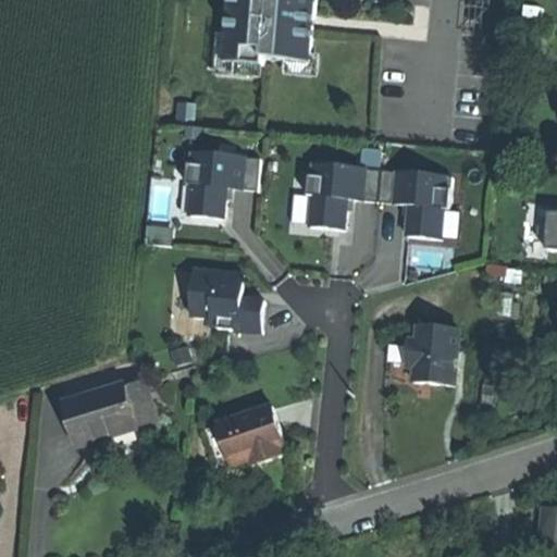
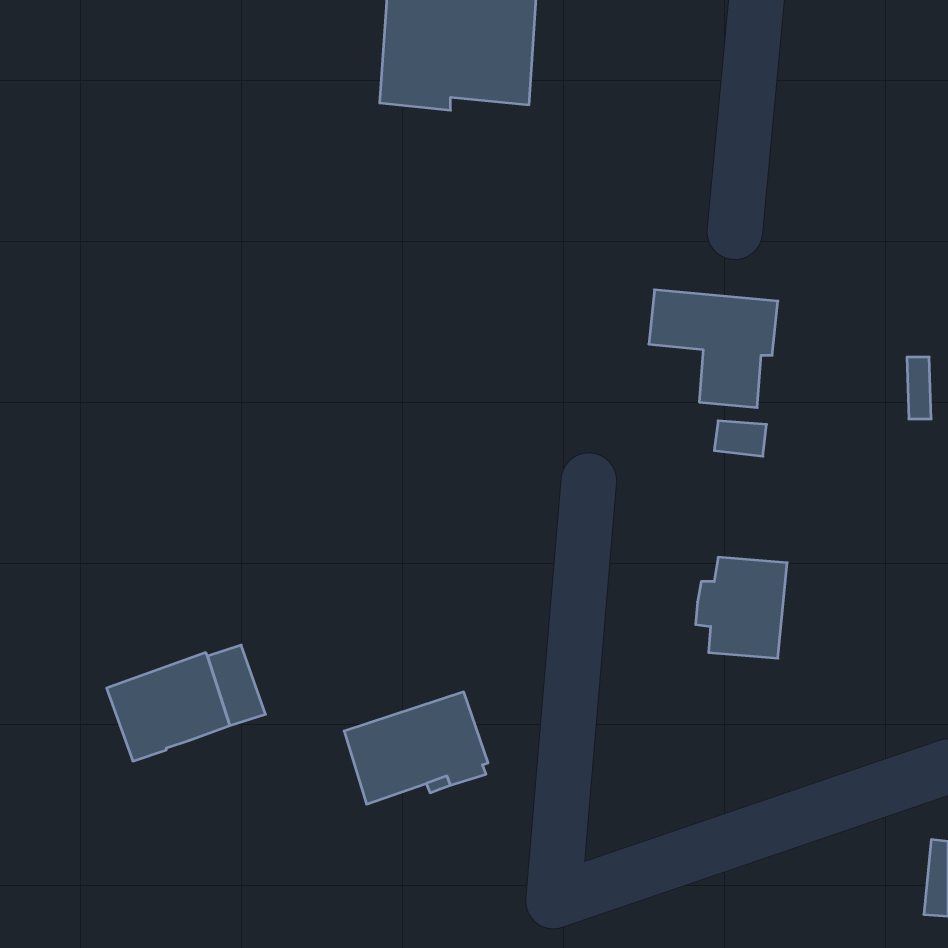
building: [186,151,260,216] -> none
building: [307,162,381,227] -> none
building: [189,265,263,330] -> none

